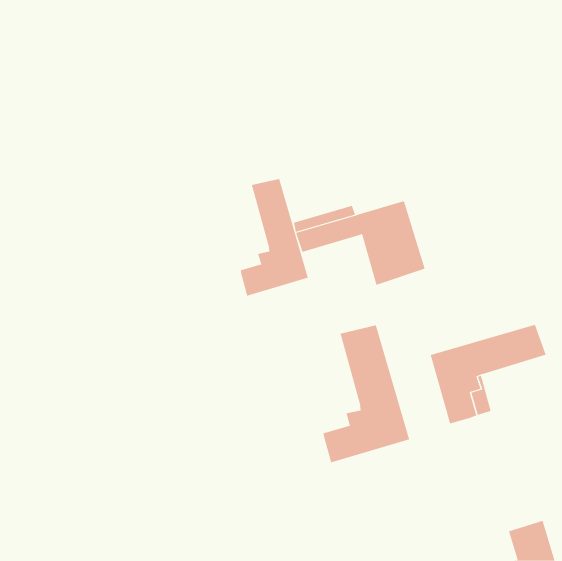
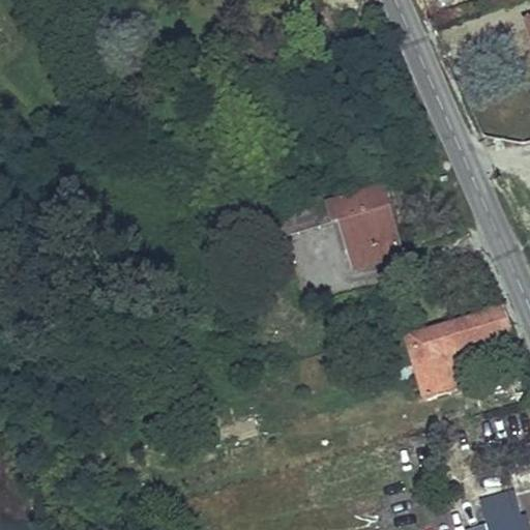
building: [240,178,309,296] -> none
building: [323,325,410,463] -> none

